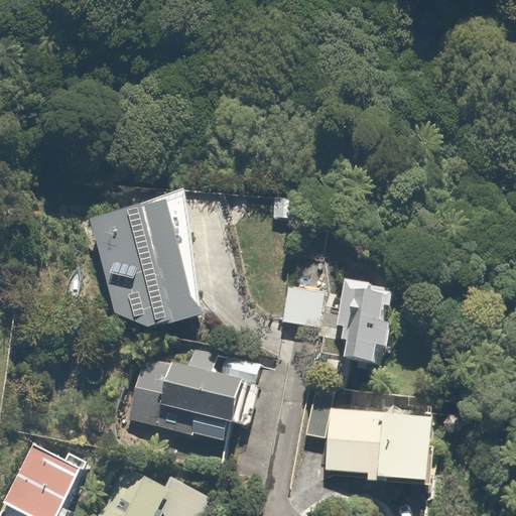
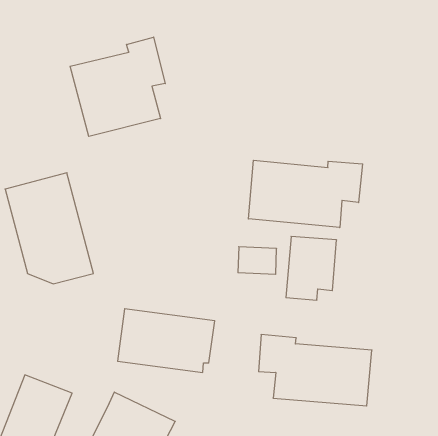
building: none -> [70,37,165,136]
building: none -> [248,160,363,228]
building: [91,197,195,327] -> [5,173,93,284]

